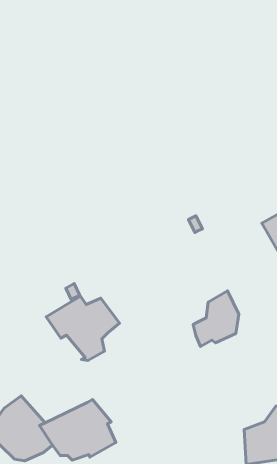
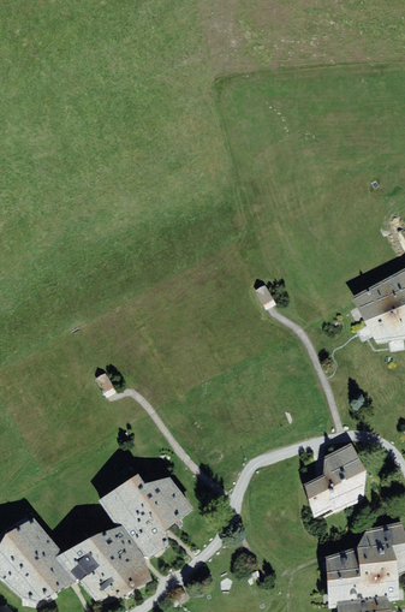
building: [193,291,239,347] -> [303,444,362,516]
building: [46,296,119,360] -> [103,473,198,555]

